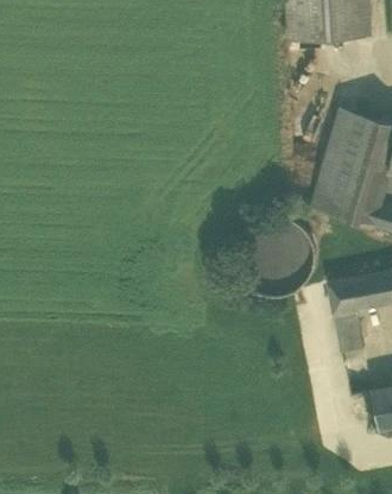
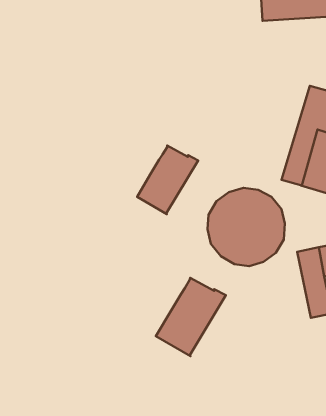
building: none -> [137,146,198,214]
building: none -> [156,278,226,356]

